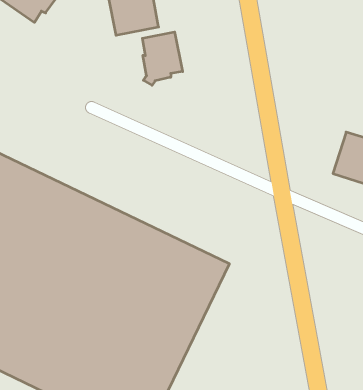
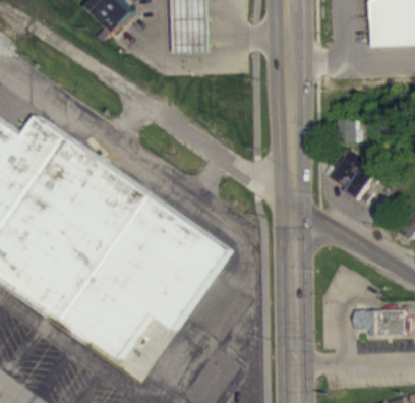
building: [142,32,183,85] -> none
building: none -> [335,130,353,153]

